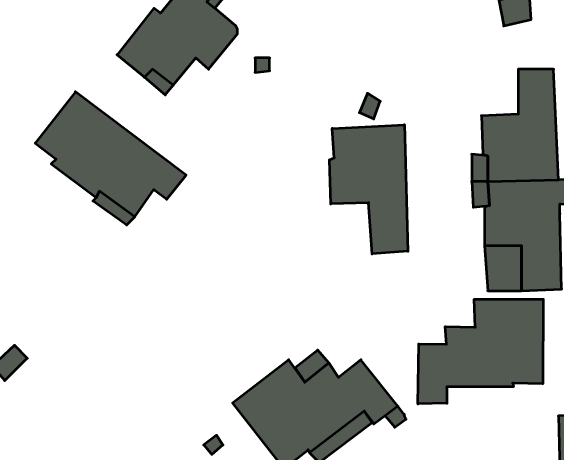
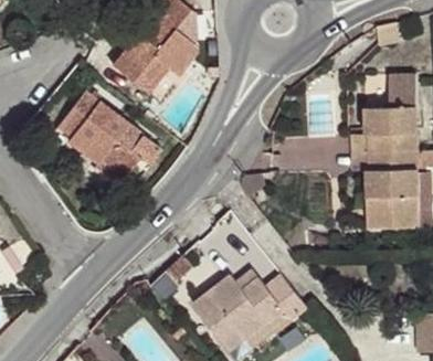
building: [329,125,408,254] -> none
building: [418,299,543,404] -> none

